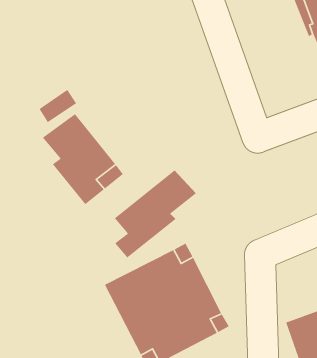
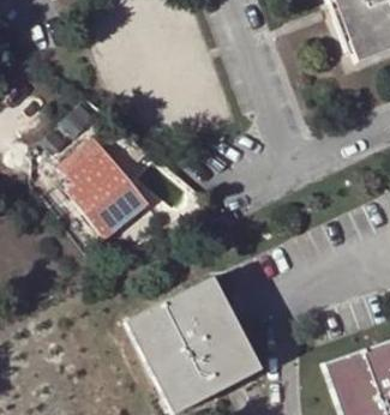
building: [114,169,197,259] -> none

